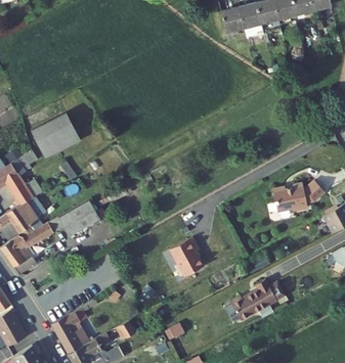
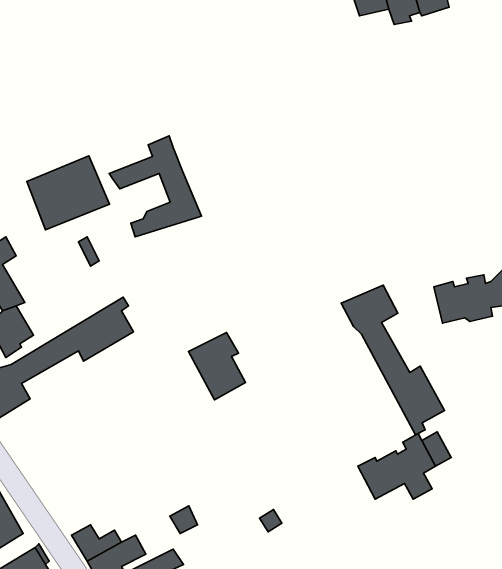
building: none -> [109,136,202,237]
building: none -> [341,285,445,435]
building: [170,236,204,276] -> [189,332,245,400]
building: [51,305,92,338] -> none

